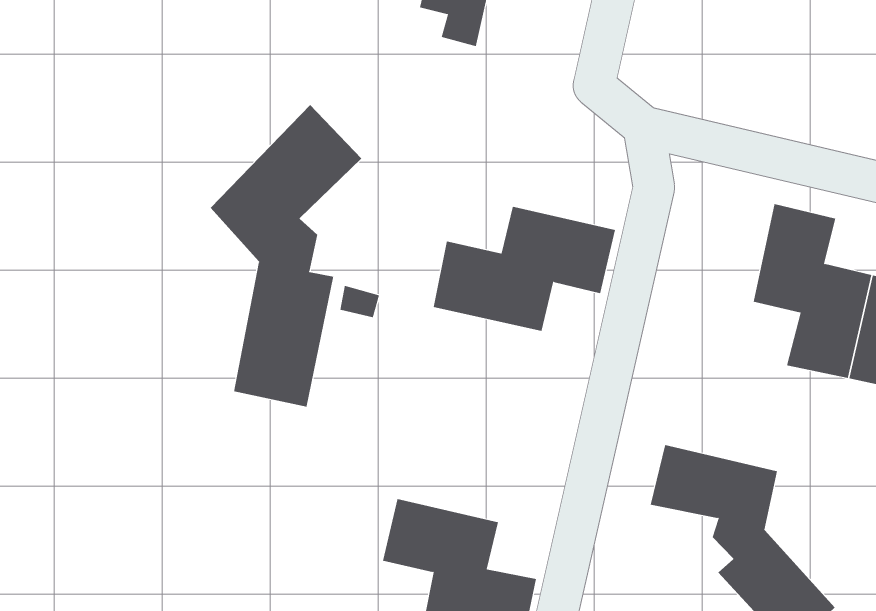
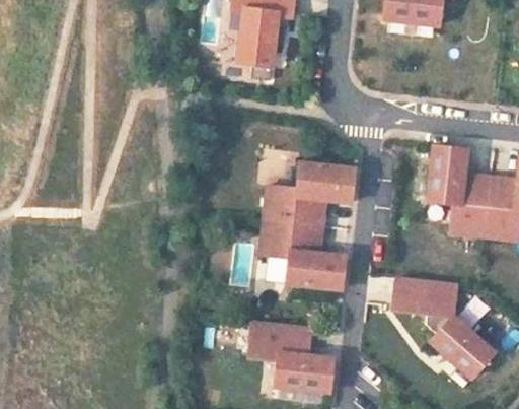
building: [210,104,362,408] -> none
building: none -> [260,220,345,289]

